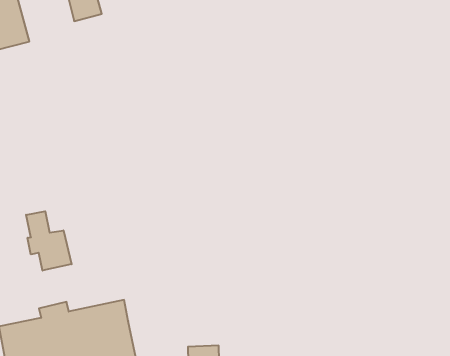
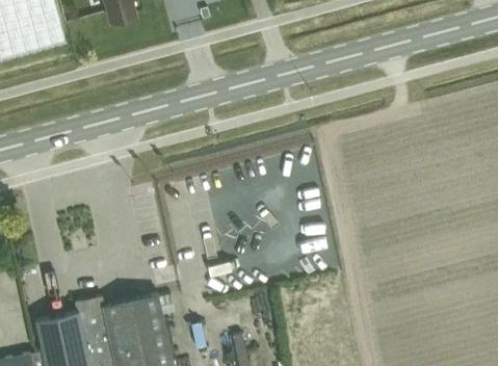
building: [26,211,72,271] -> none

